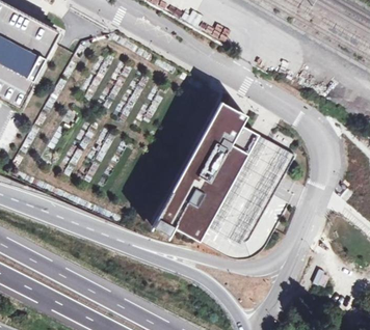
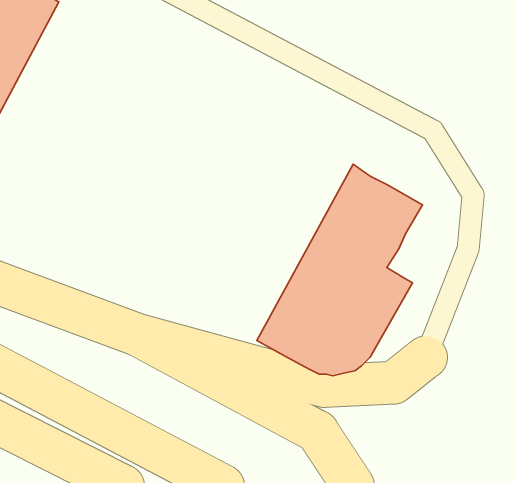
building: [144,101,244,237] -> none

